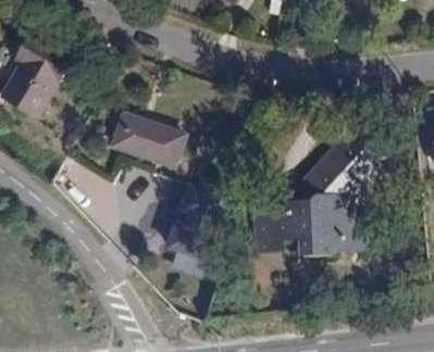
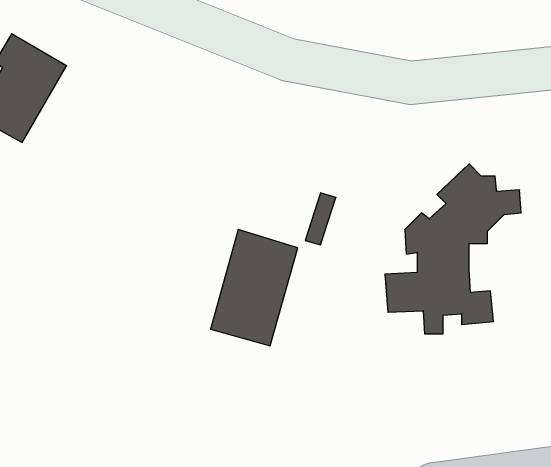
building: [111,112,187,168] -> none

